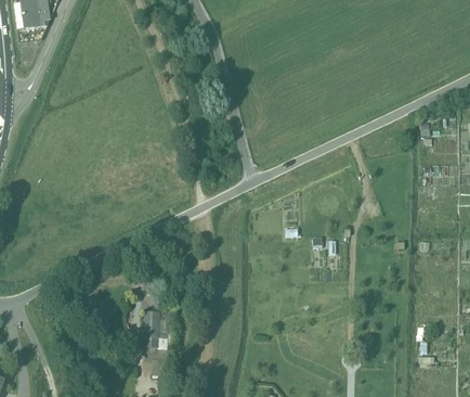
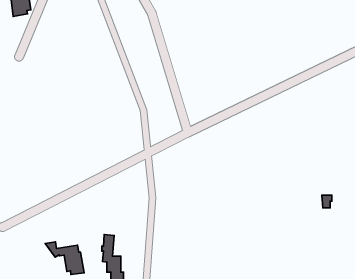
building: none -> [45,242,84,274]

